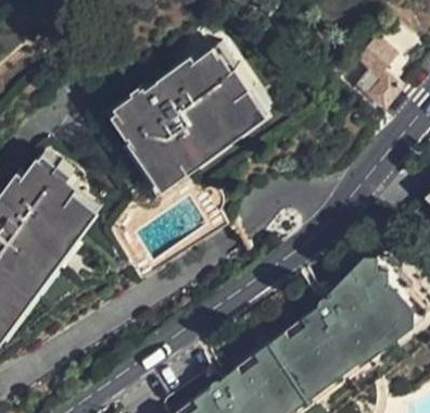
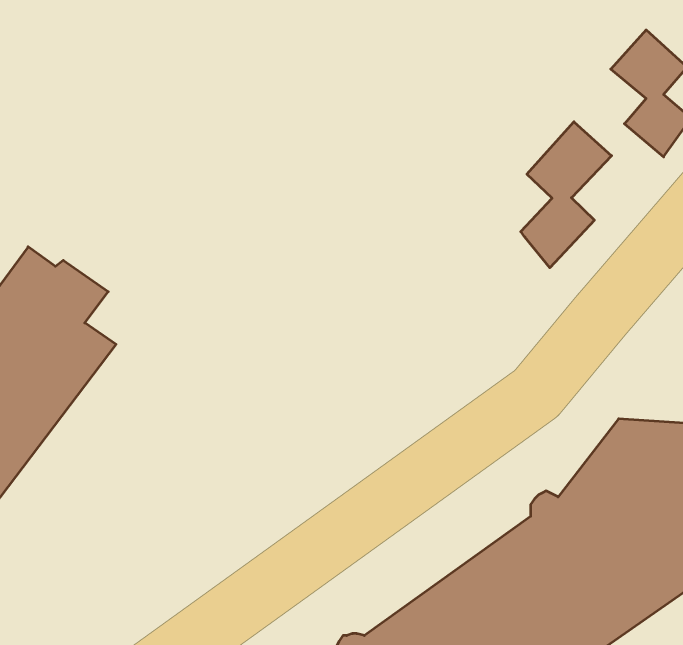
building: [113,52,253,182] -> none
building: none -> [521,122,612,268]

